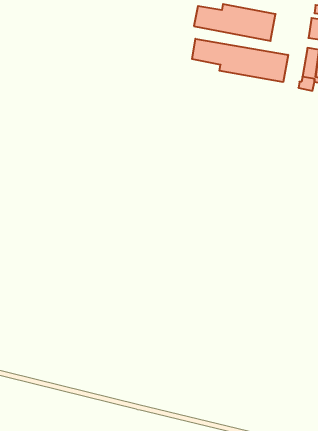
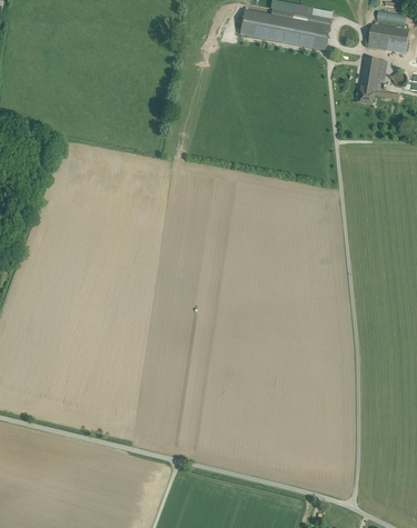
building: [192,39,288,82] -> none

